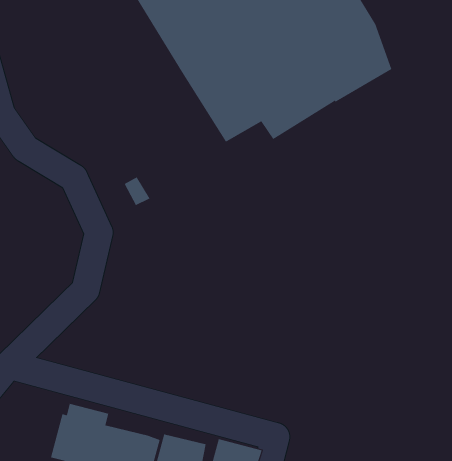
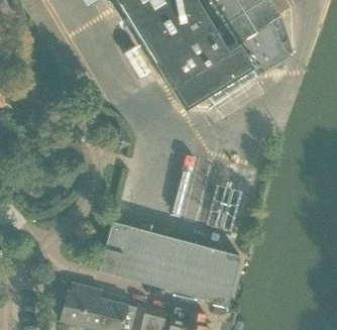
building: none -> [98,221,240,305]

